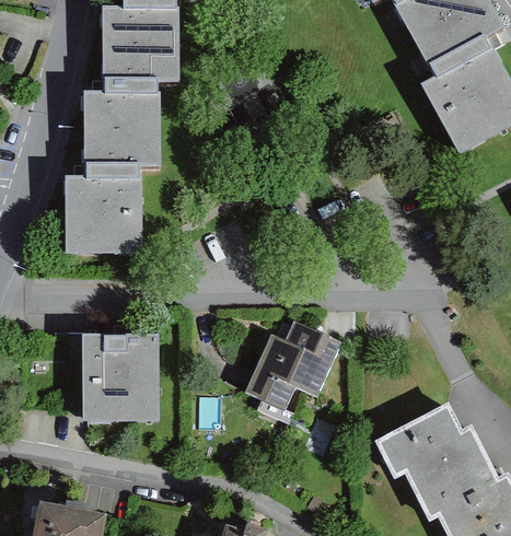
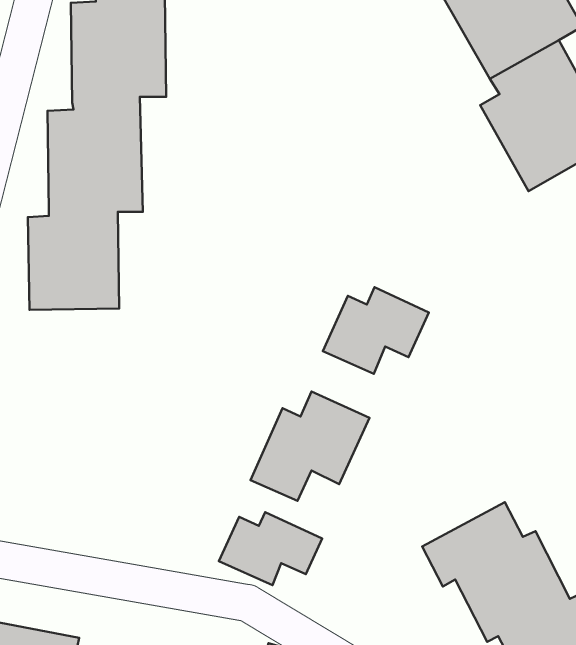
building: none -> [323,287,429,374]
building: [88,330,159,418] -> none
building: none -> [219,512,322,585]

